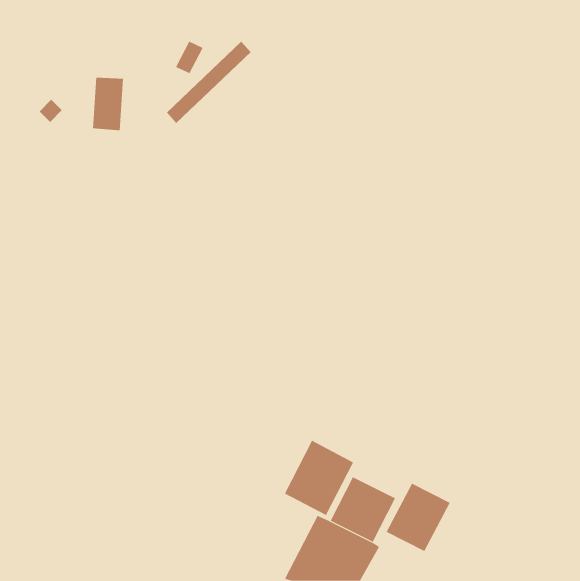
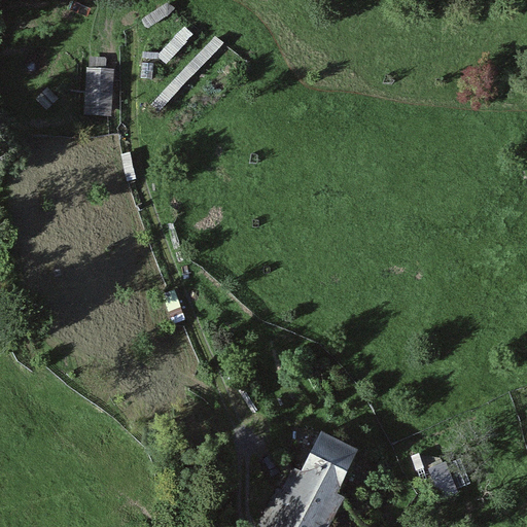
building: [284,440,354,516] -> none
building: [386,483,450,552] -> none

